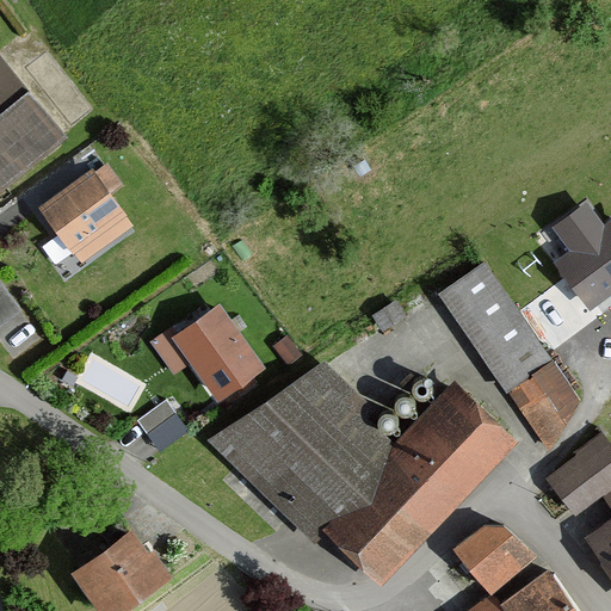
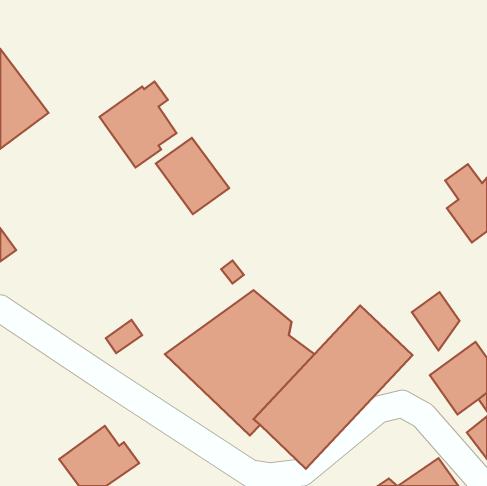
building: [38,165,135,272] -> [99,82,177,168]
building: [448,267,550,390] -> none
building: [169,304,261,400] -> [156,138,229,214]
building: [452,526,536,598] -> none

